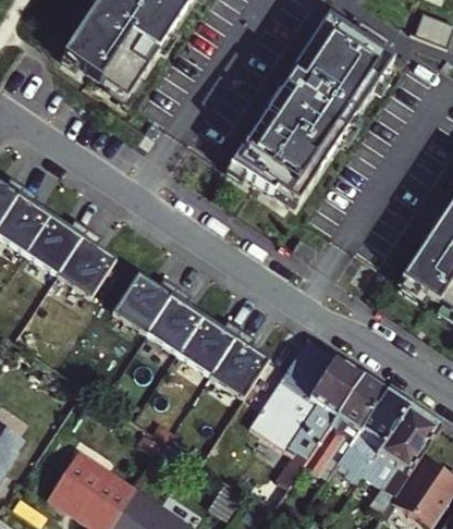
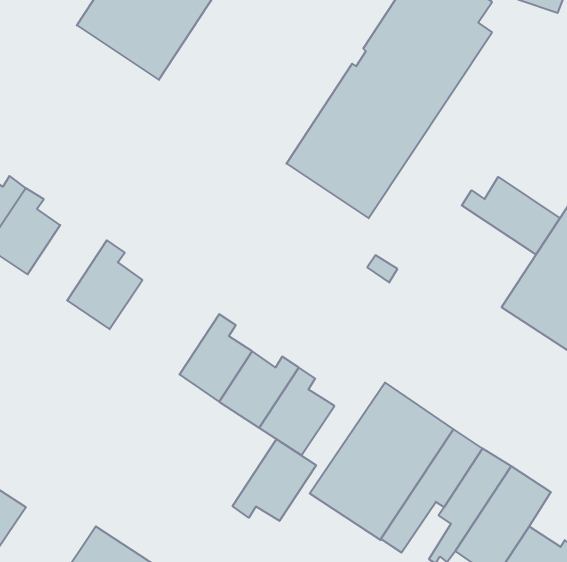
building: none -> [462,177,560,254]
building: [24,214,87,274] -> none
building: [106,268,176,333] -> none
building: none -> [233,439,316,521]

